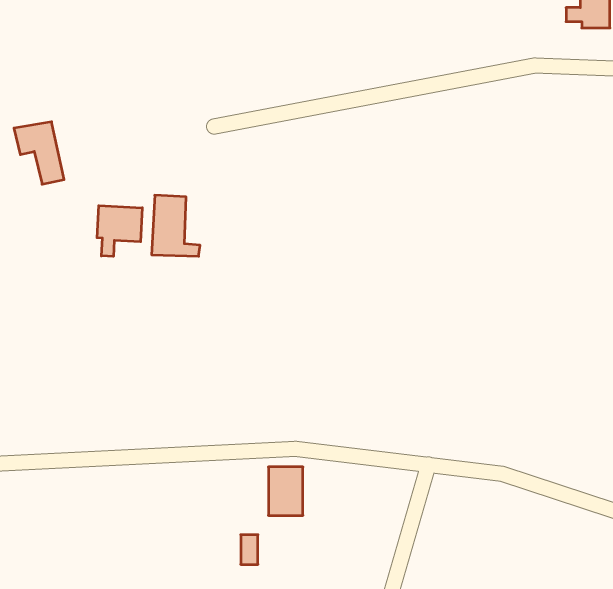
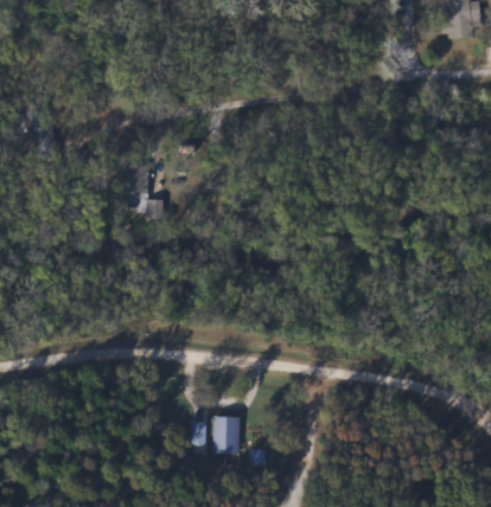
building: [97,206,142,256] -> none
building: [268,467,303,515] -> [215,417,241,454]

